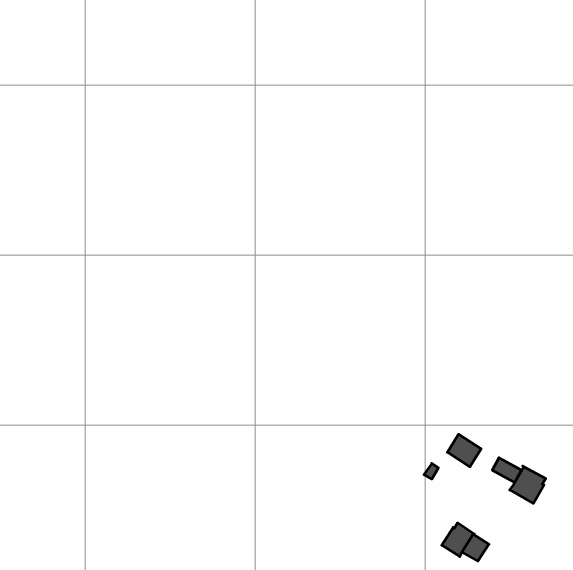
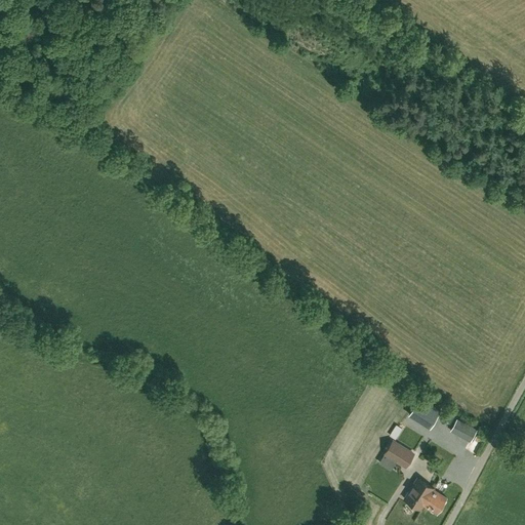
building: [510,466,546,503] -> none
building: none -> [385,443,413,469]

